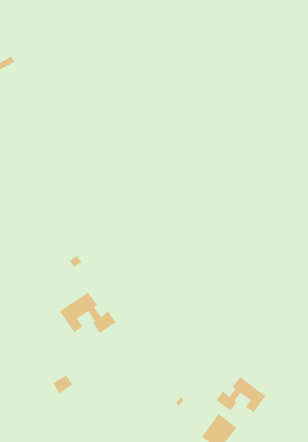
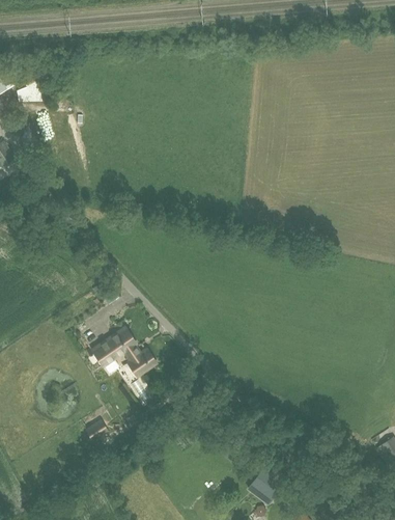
building: [215,376,267,413] -> none

